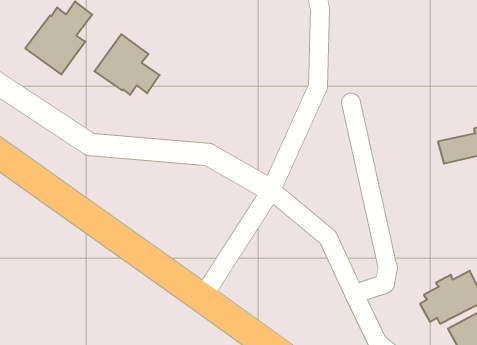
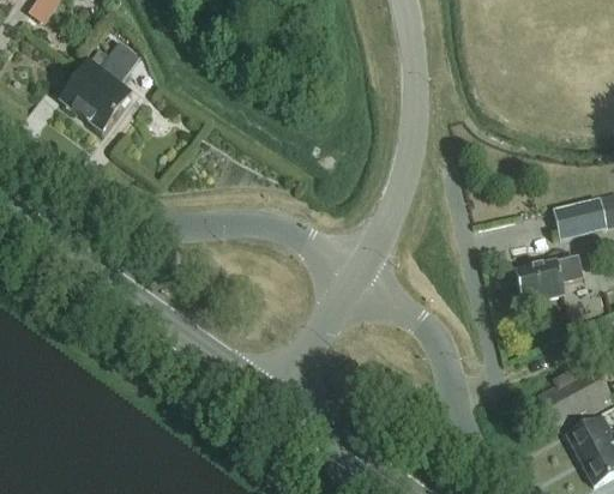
building: [94,34,160,95] -> none
building: none -> [514,255,583,302]

